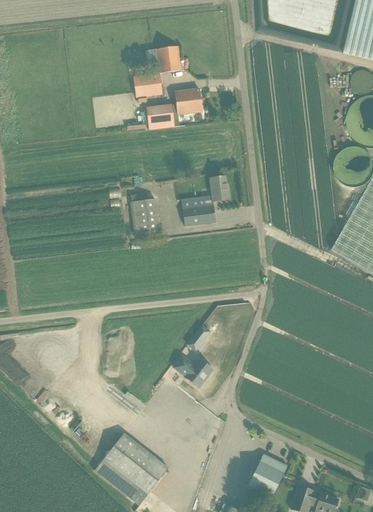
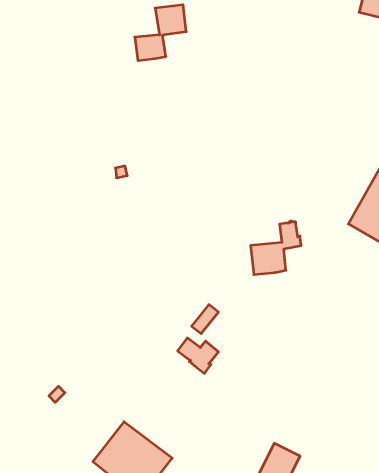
building: [175,88,202,114] -> none
building: [147,103,175,129] -> none
building: [183,175,230,225] -> [251,221,301,275]
building: [131,198,160,233] -> none

